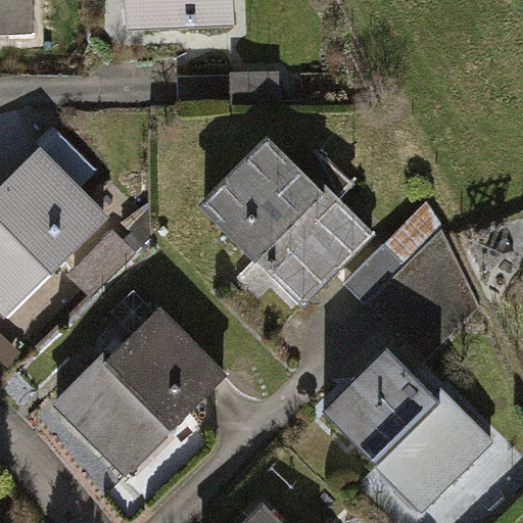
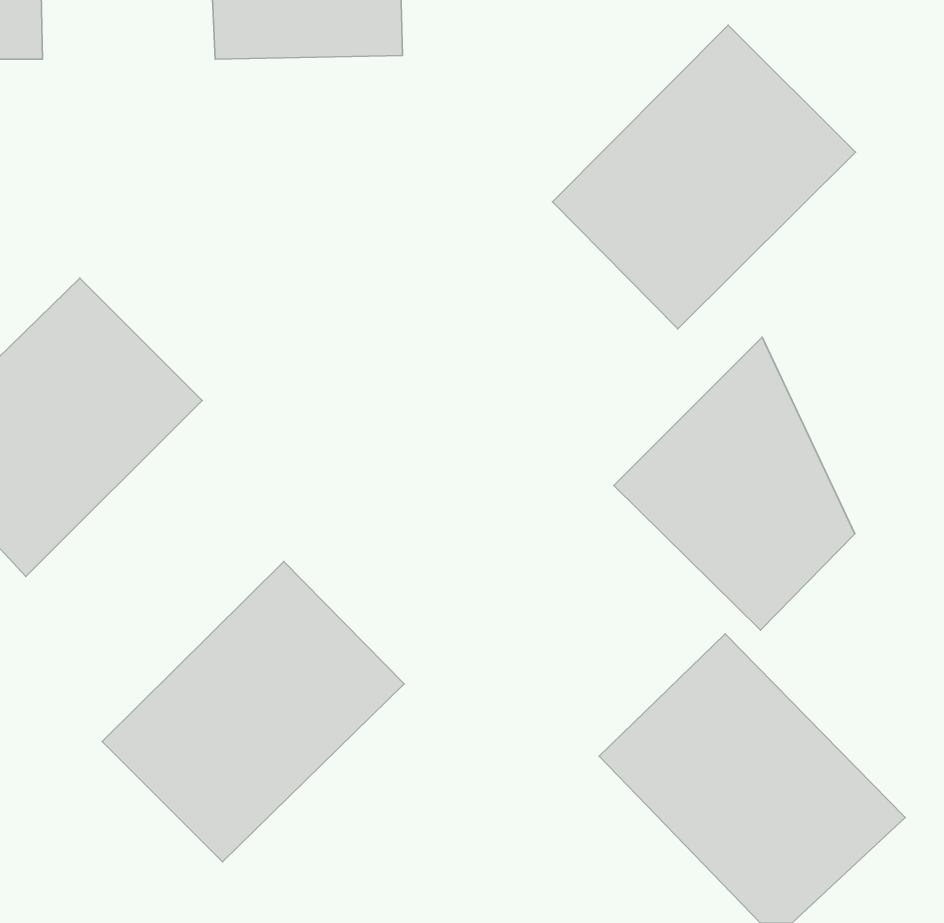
building: none -> [552,25,855,329]
building: [194,116,365,286] -> none

